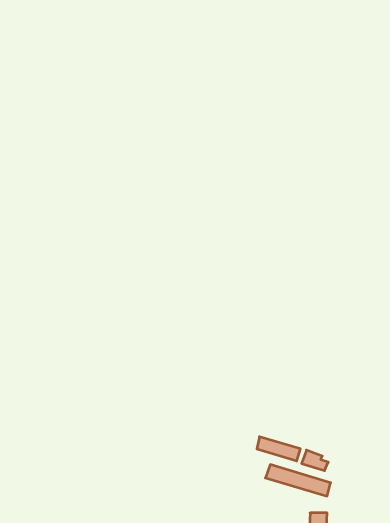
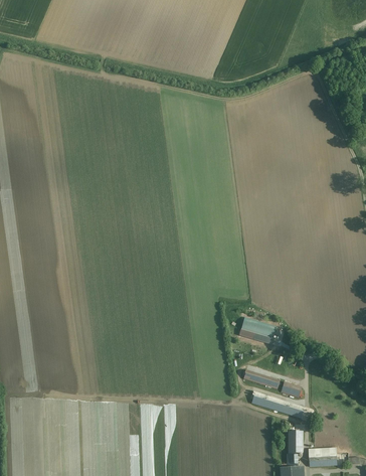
building: none -> [238,317,278,343]

